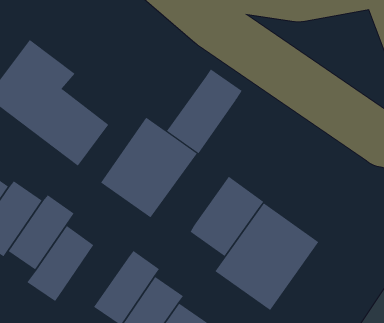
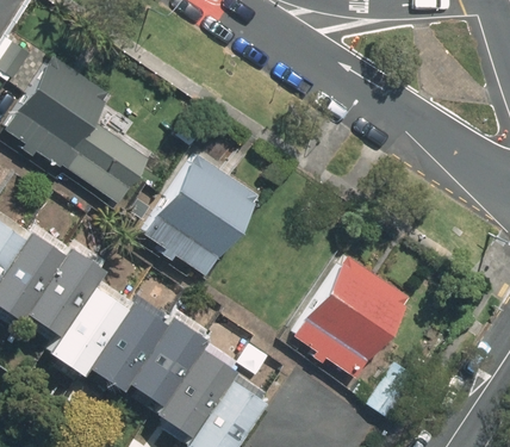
building: [166,68,242,154] -> none
building: [190,176,264,257] -> none
building: none -> [94,300,175,391]

